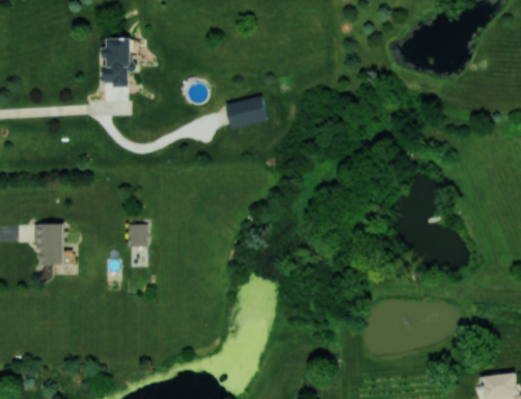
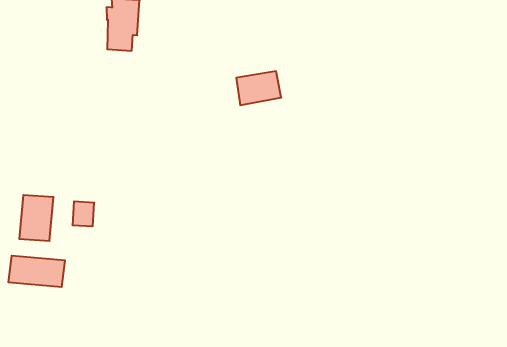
building: [128,224,146,246] -> [72,201,94,226]
building: none -> [8,256,65,287]

